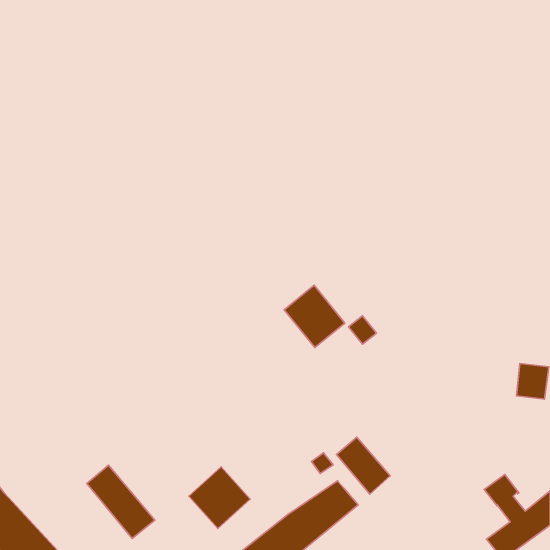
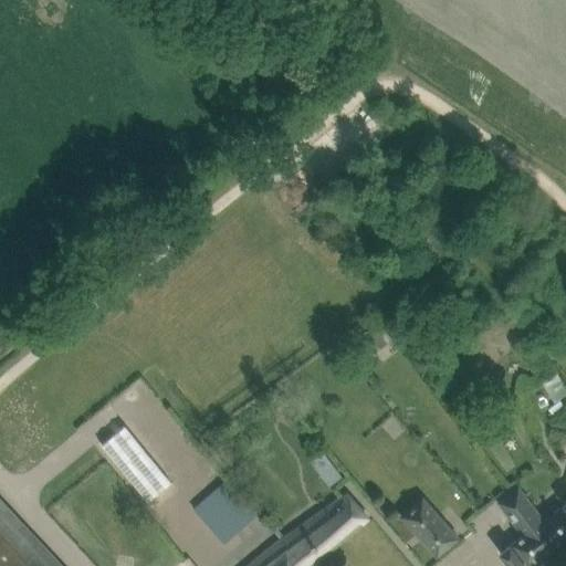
building: [284,285,345,348] -> none
building: [336,437,390,494] -> [401,499,457,557]
building: [87,465,155,539] -> [101,427,170,502]

